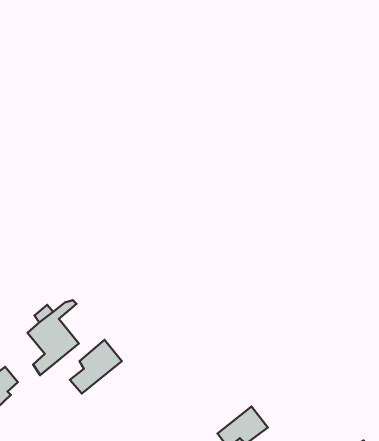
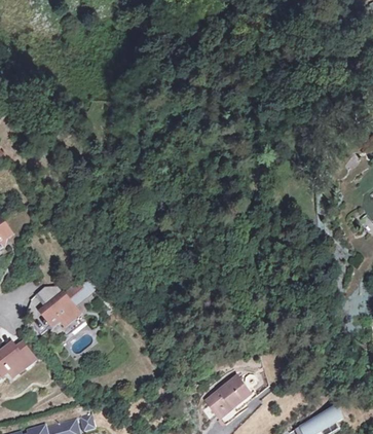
building: [70,340,122,394] -> none

